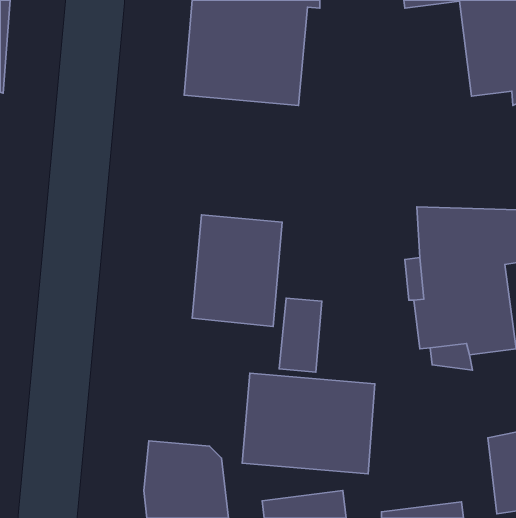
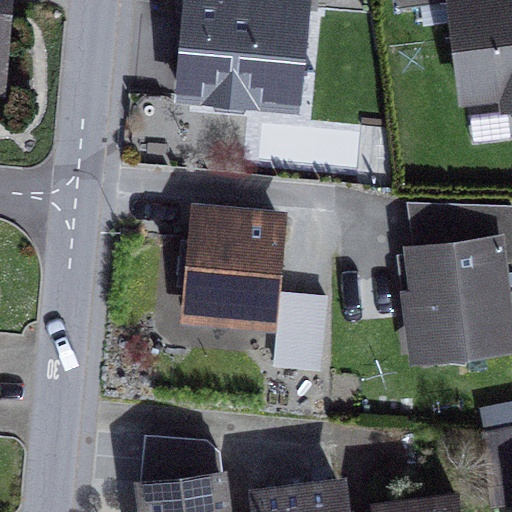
building: [242,373,375,474] -> none

